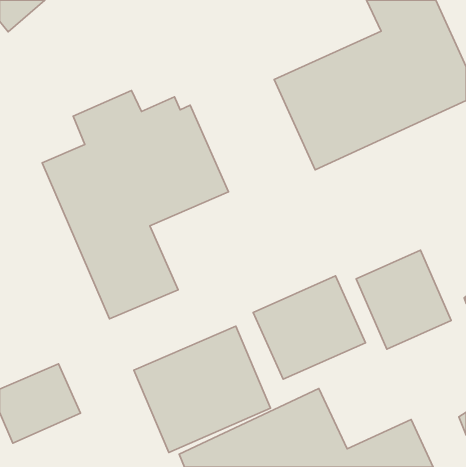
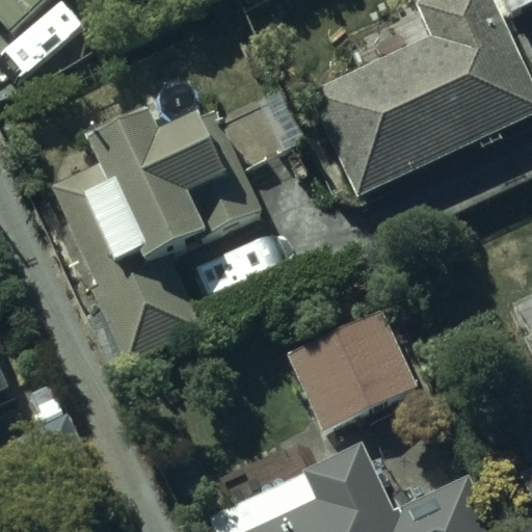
building: [356,250,451,349] -> none
building: [134,326,271,452] -> none

